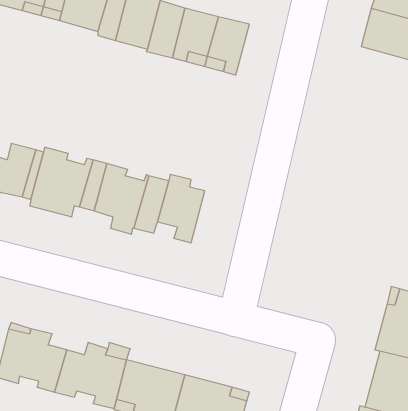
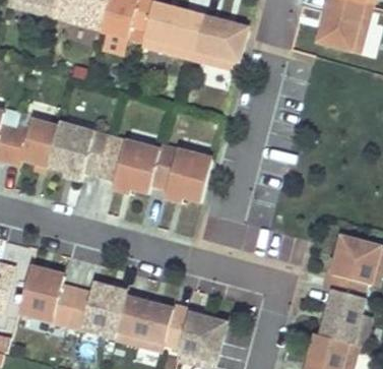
building: none -> [214,21,247,69]
building: none -> [178,152,211,201]

